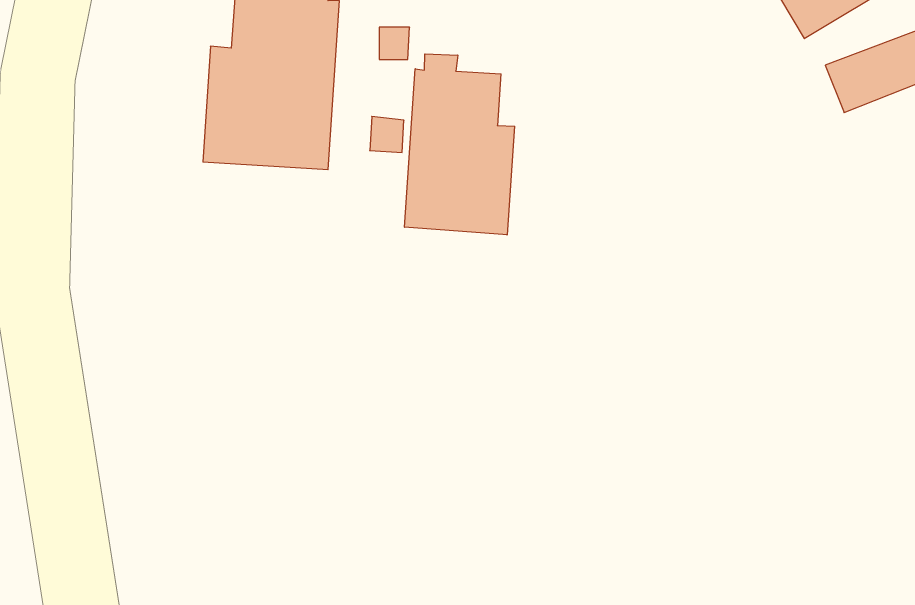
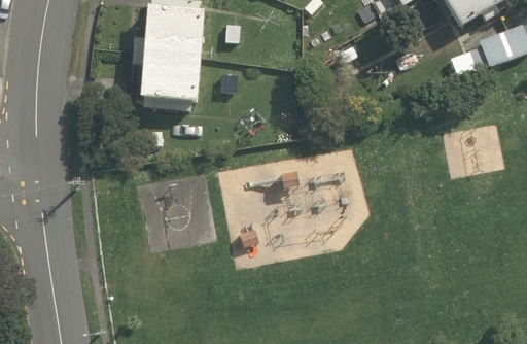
building: [405,54,515,235] -> none

